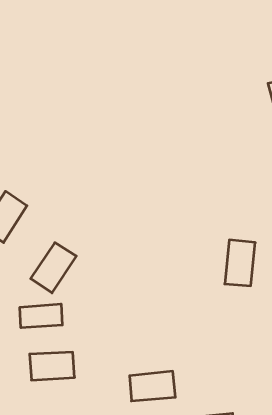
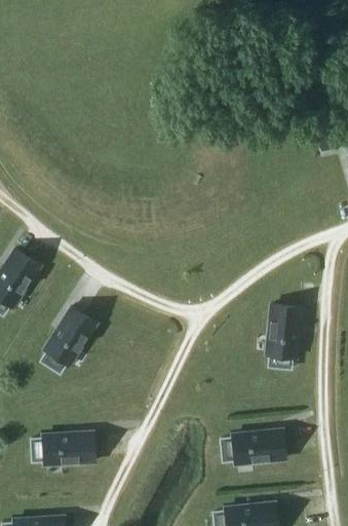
building: [20,304,62,328] -> none
building: [130,371,175,401] -> [232,430,284,464]

